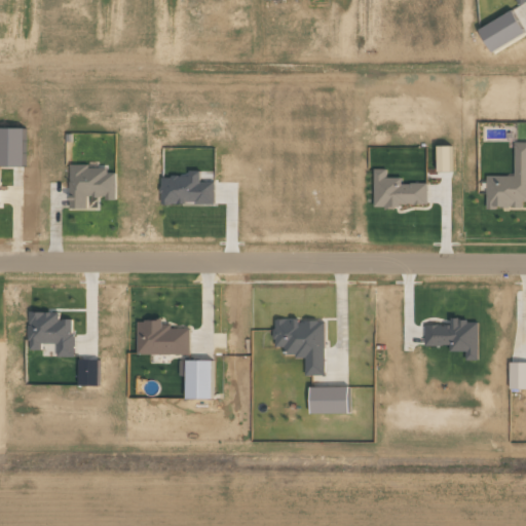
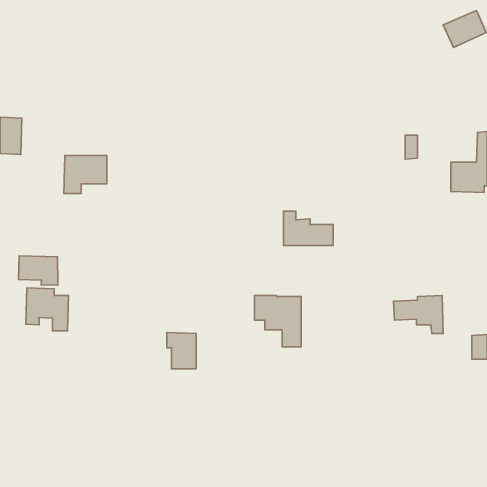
building: [373,168,426,205] -> [283,211,333,245]
building: [161,171,215,203] -> none
building: none -> [18,256,58,285]
building: [137,318,190,353] -> none
building: [310,385,348,413] -> none

